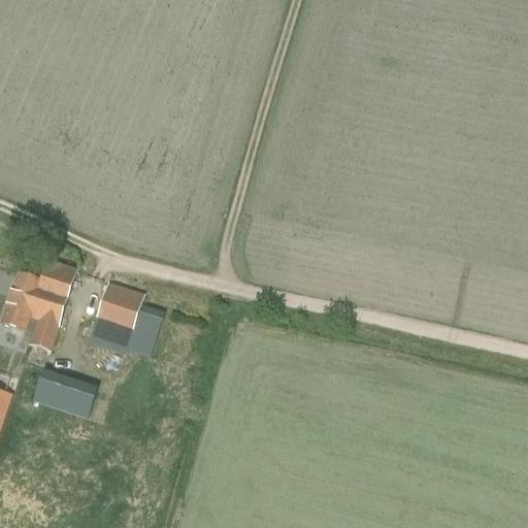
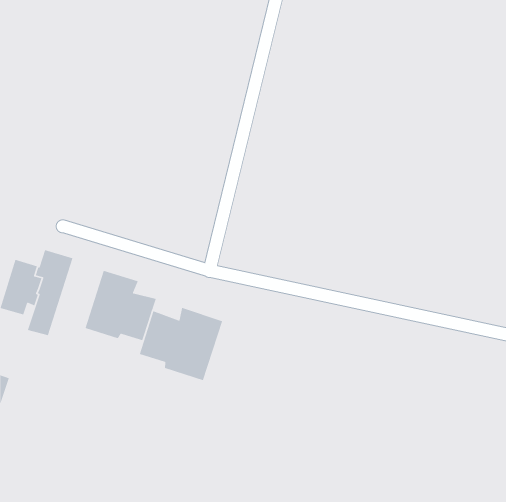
building: none -> [139,307,223,381]
building: [32,368,96,418] -> none

